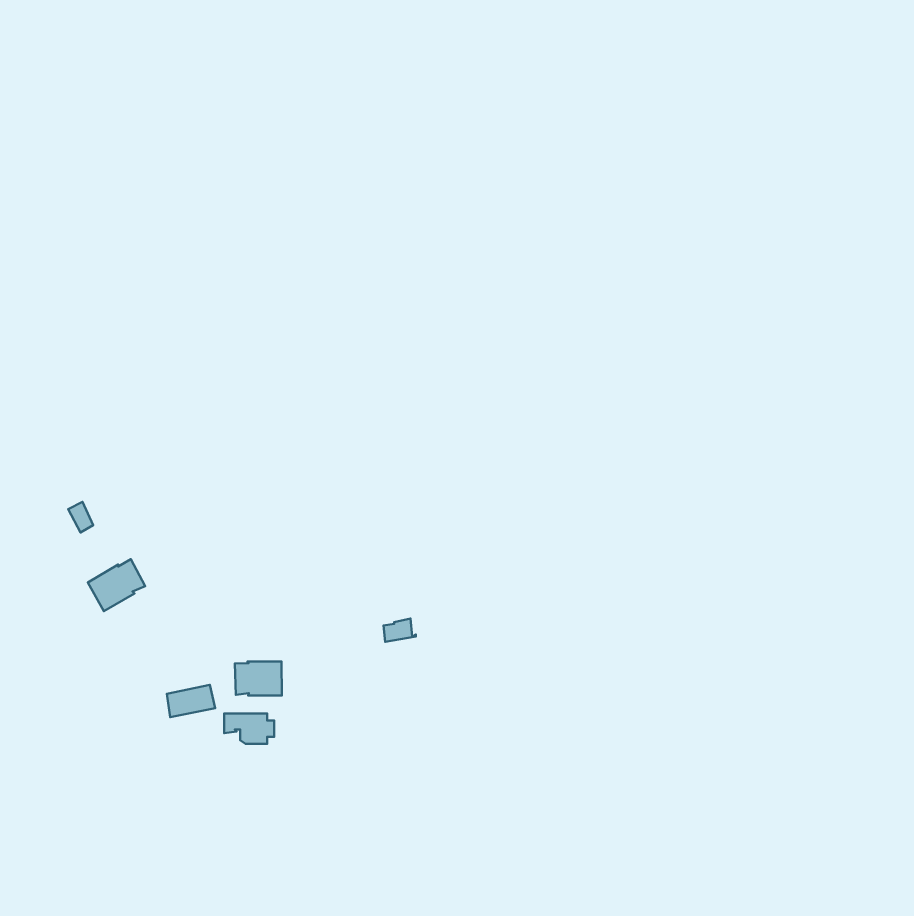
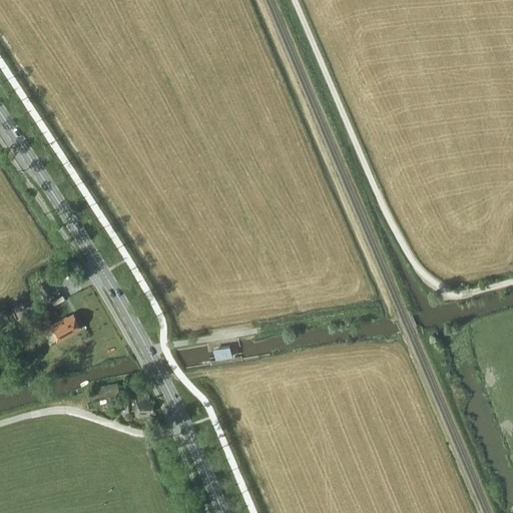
building: [235,662,282,696] -> none

